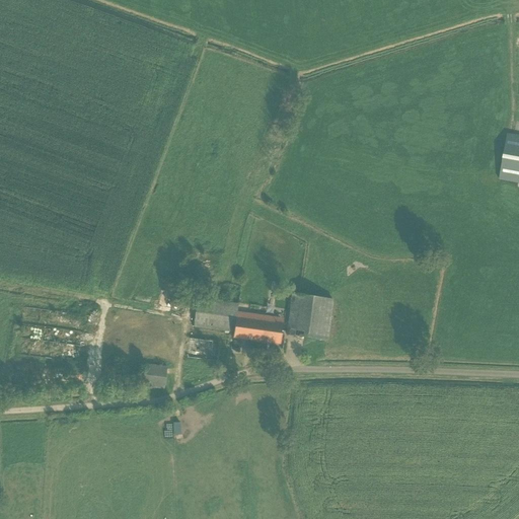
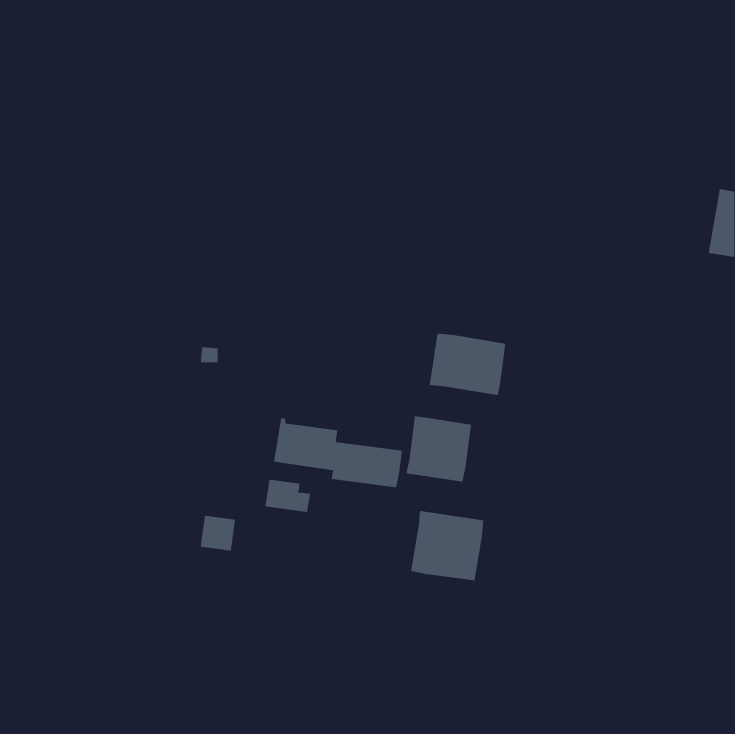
building: none -> [429,333,506,396]
building: none -> [410,510,484,581]

